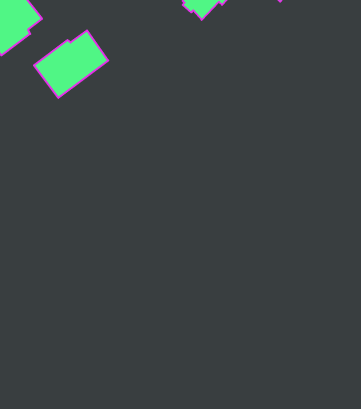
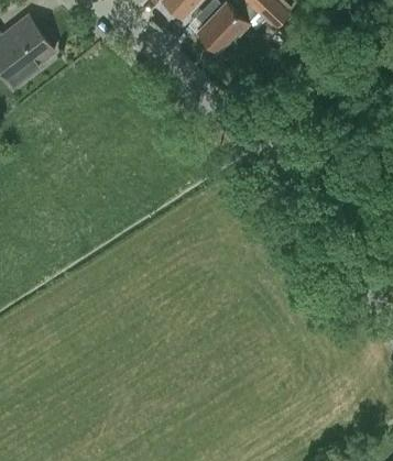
building: [34,30,108,98] -> none

